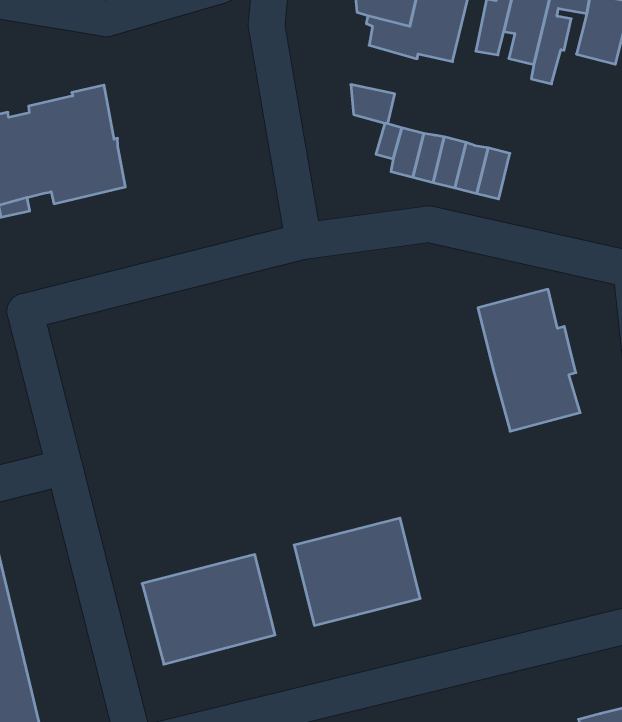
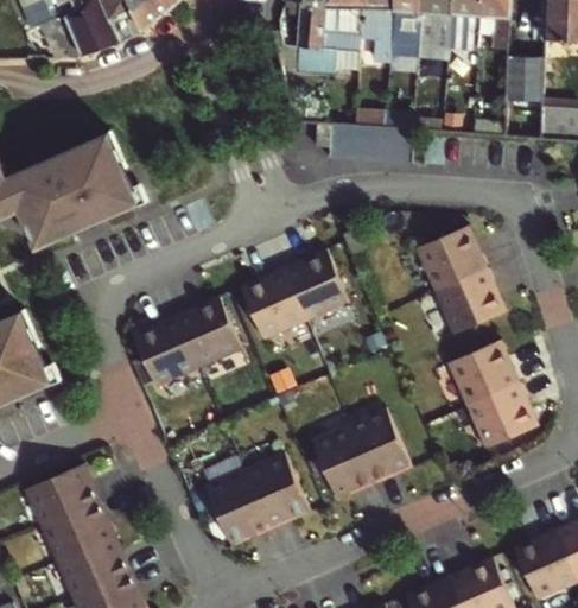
building: none -> [241,254,349,341]
building: none -> [134,303,241,390]
building: none -> [443,337,531,445]

